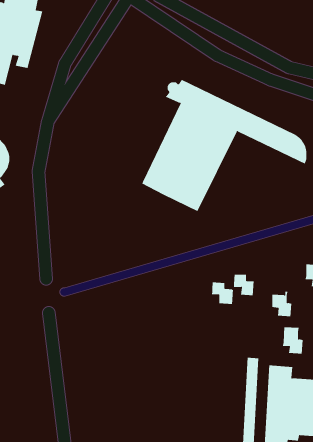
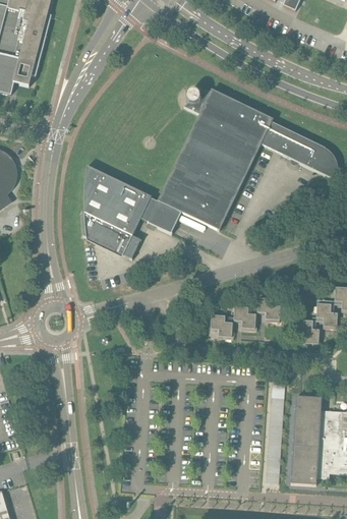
building: none -> [80,165,180,258]
building: none -> [210,313,233,338]
building: [282,327,303,354] -> [314,298,338,328]

